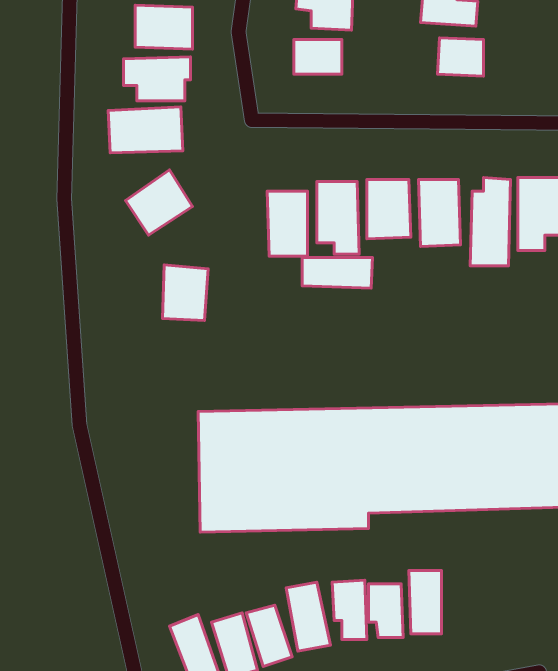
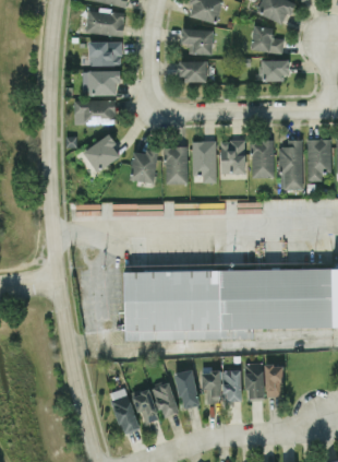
building: [302,258,373,288] -> none
building: [162,265,208,321] -> [131,151,157,182]
building: none -> [264,366,282,398]

